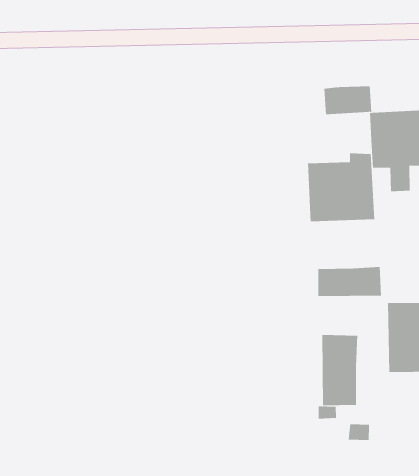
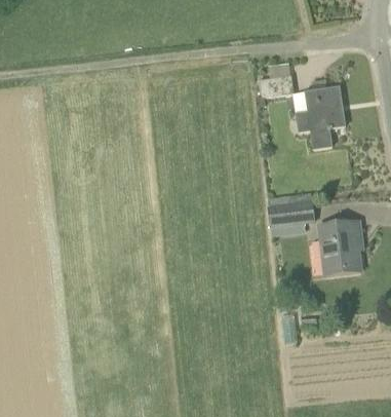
building: [308,153,375,222] -> none
building: [322,334,358,406] -> none

